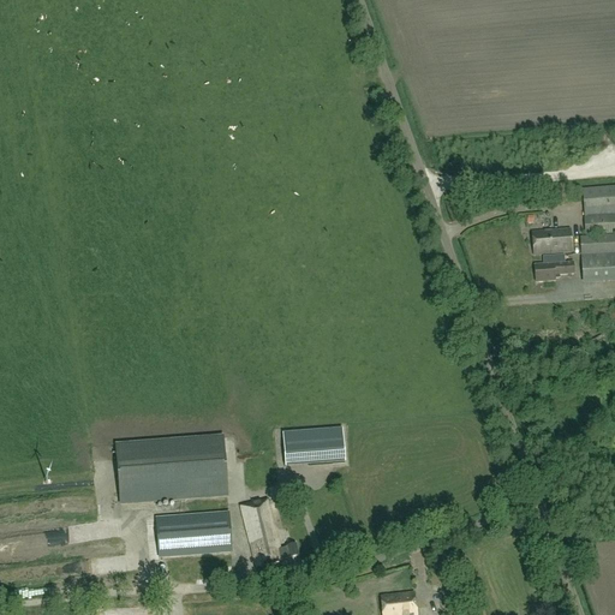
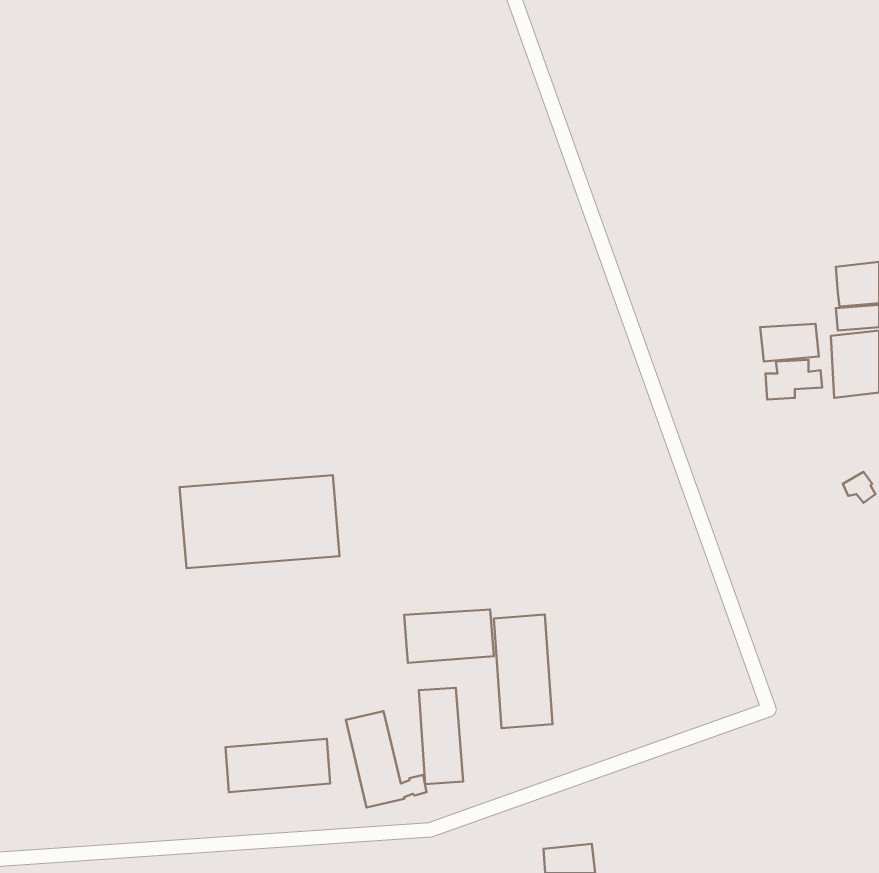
building: none -> [494,614,553,728]
building: [115,435,227,500] -> [180,475,340,568]
building: none -> [419,688,463,784]

